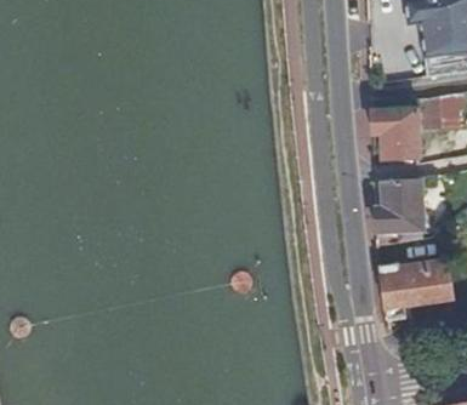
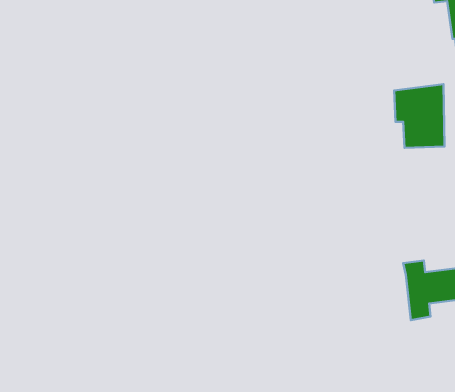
building: [374,181,421,232] -> none

